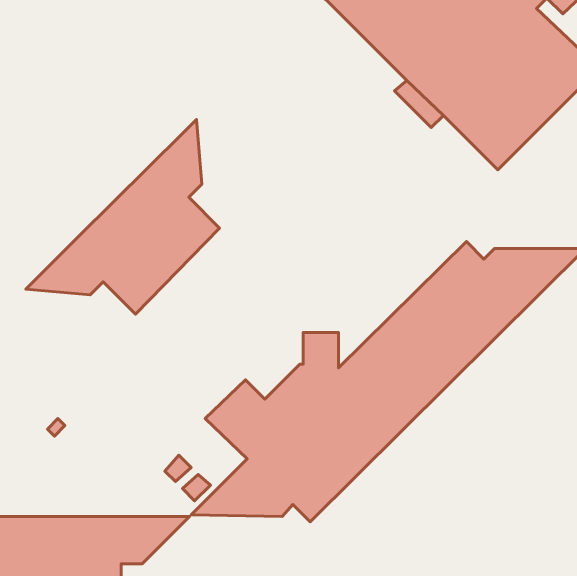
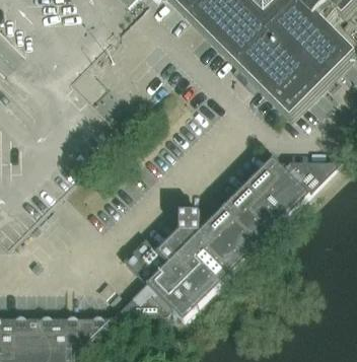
building: [26,120,220,314] -> none

